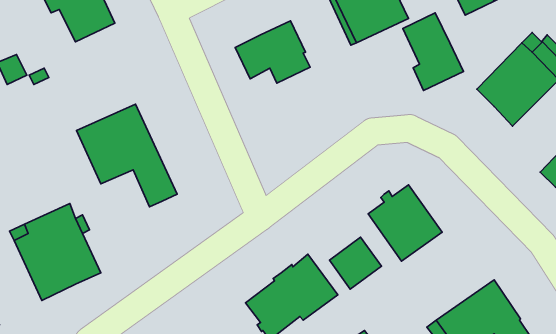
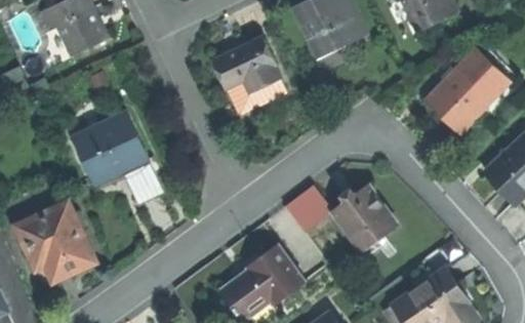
building: [403,13,463,91] -> none
building: none -> [227,78,287,116]
building: [329,237,381,289] -> [283,185,329,231]

